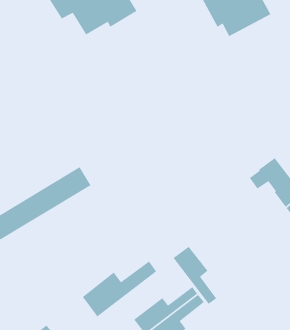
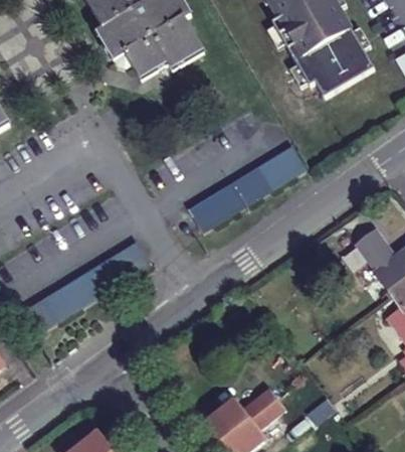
building: none -> [189,149,307,233]
building: [173,246,217,305] -> none
building: [82,261,157,318] -> none

